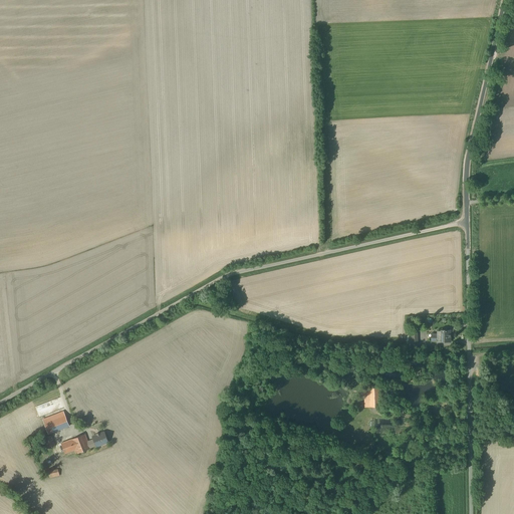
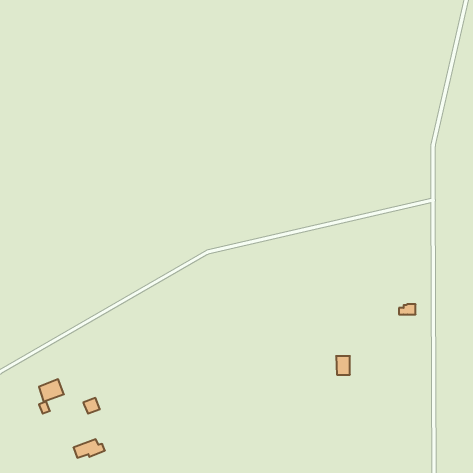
building: [60,434,94,454] -> [73,439,105,458]

